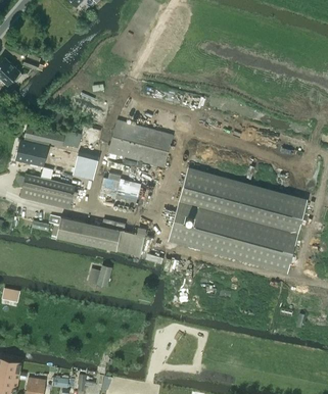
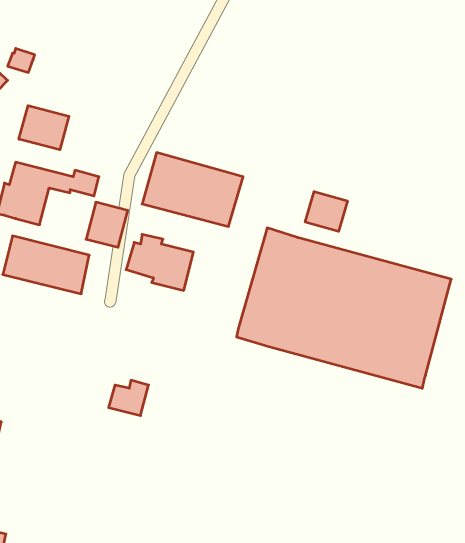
building: none -> [19,106,69,150]
building: none -> [305,192,347,231]
building: [49,215,145,256] -> none

